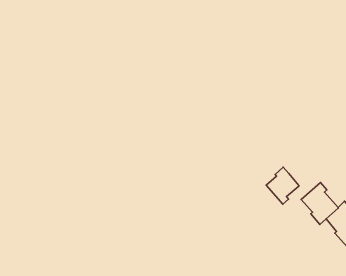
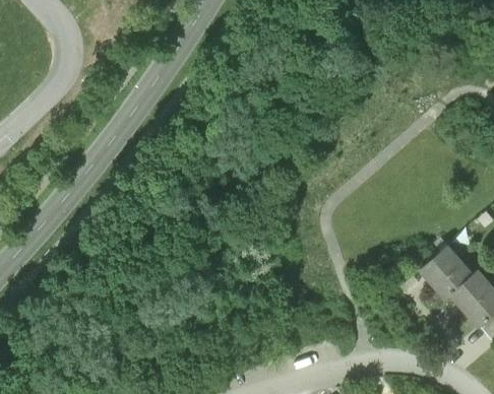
building: [266,167,299,204] -> none

